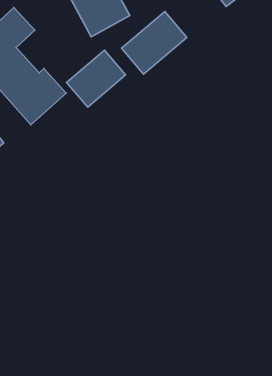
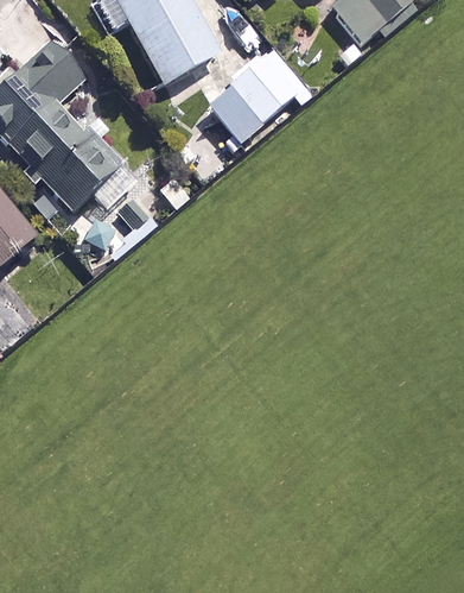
building: [67,50,126,107] -> none

